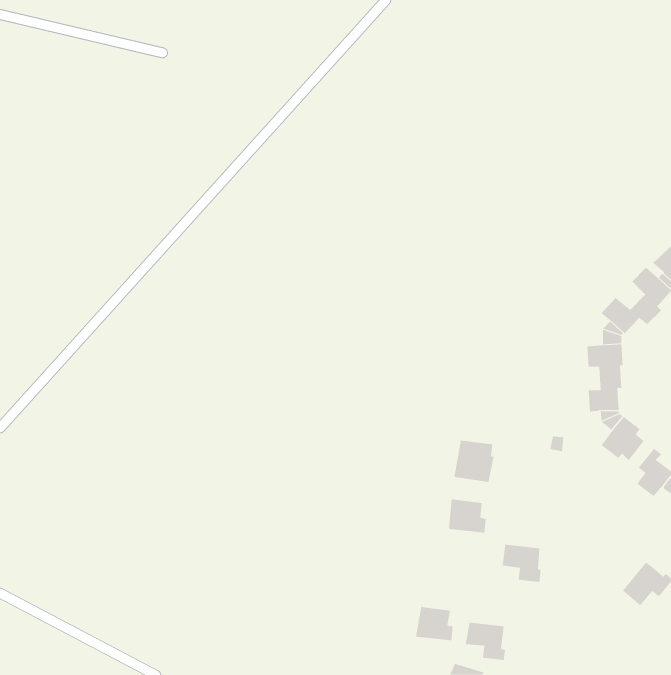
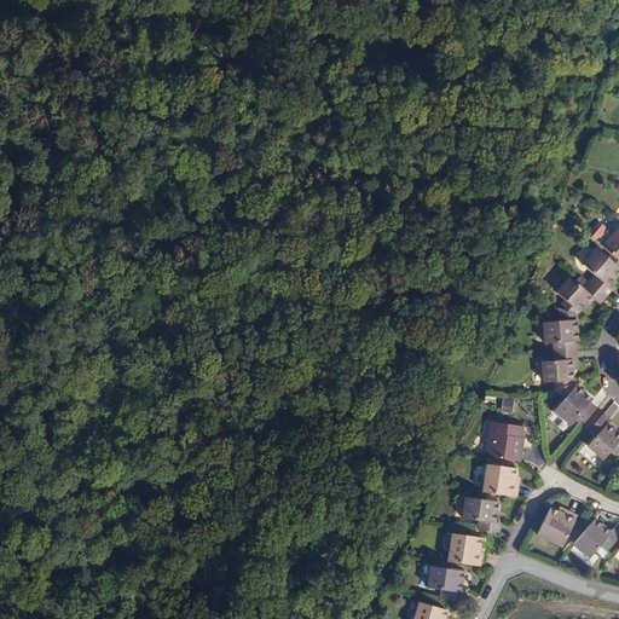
building: [454,440,495,482] -> [486,421,523,459]
building: [448,499,486,533] -> [482,464,517,496]
building: none -> [539,507,577,543]
building: [415,607,453,641] -> [450,536,485,567]

